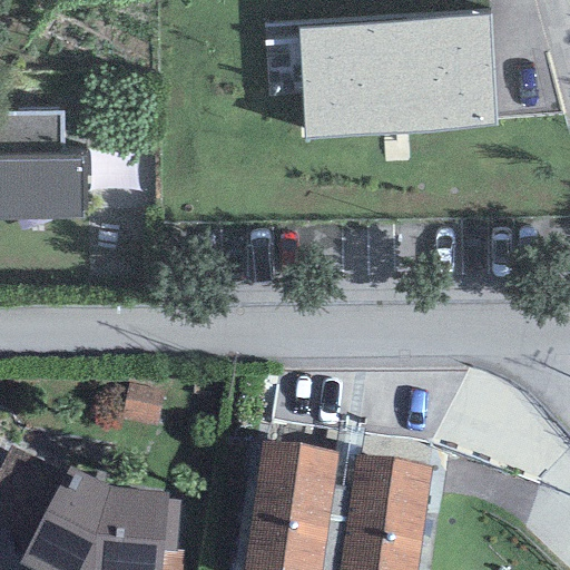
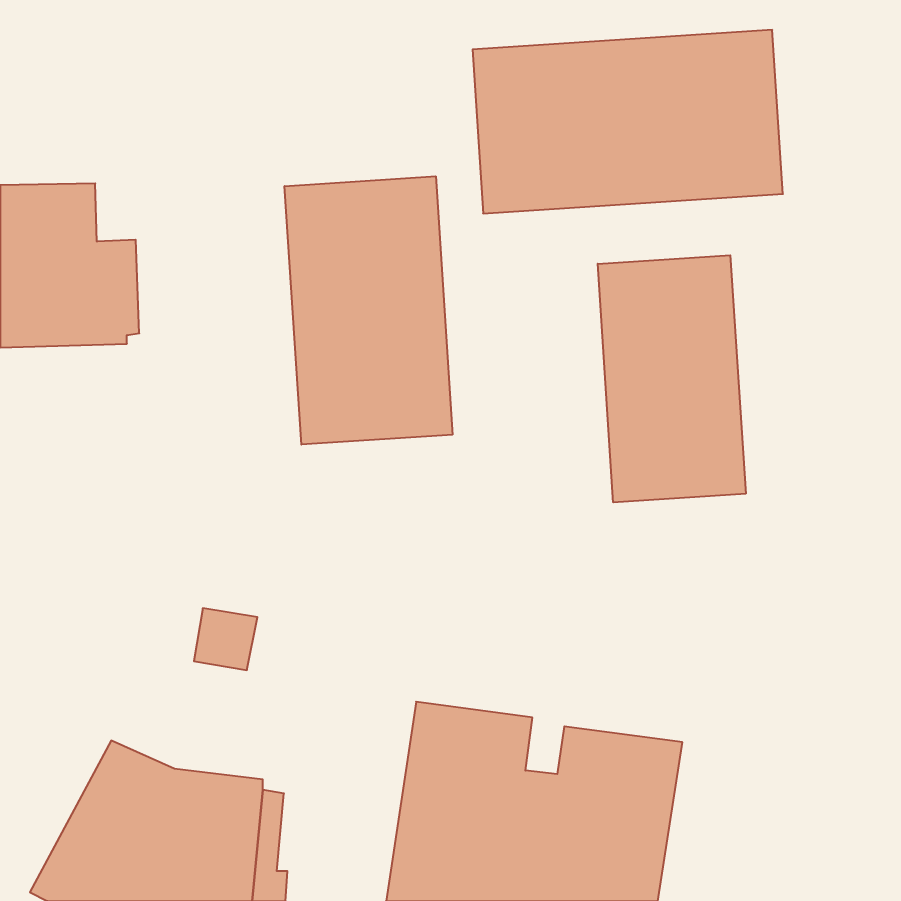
building: none -> [285,176,452,445]
building: none -> [598,255,746,502]

